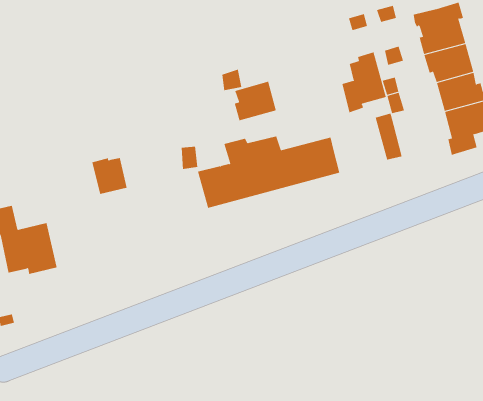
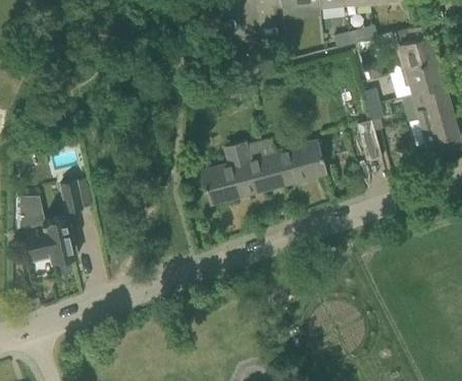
building: [342,51,386,113] -> none
building: [234,81,277,121] -> none
building: [92,158,127,195] -> [59,179,91,212]

